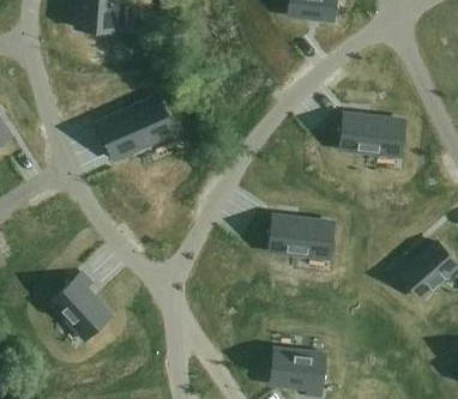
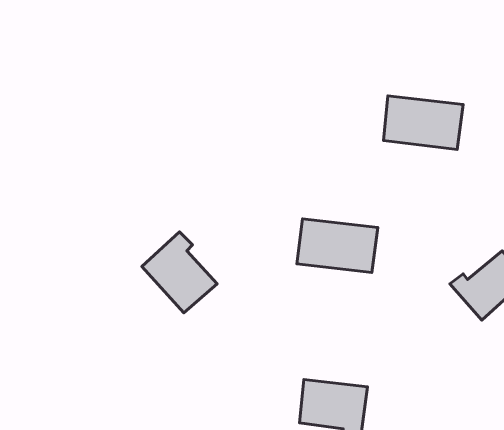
building: [98,95,176,159] -> none
building: [52,272,114,339] -> [142,232,217,313]

